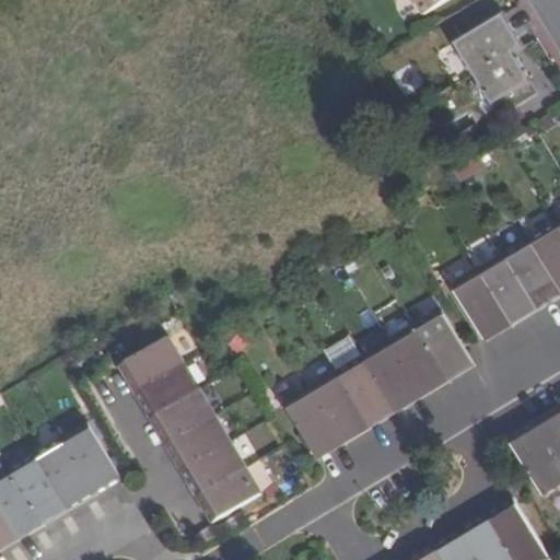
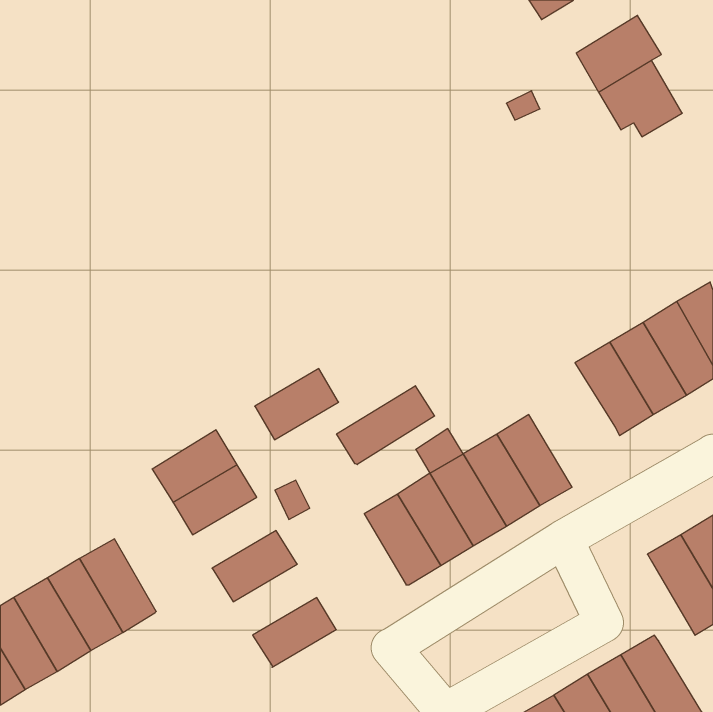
building: none -> [337,386,435,465]
building: [415,310,475,383] -> none
building: [151,390,217,446] -> [255,369,339,440]
building: [183,443,248,499] -> none

